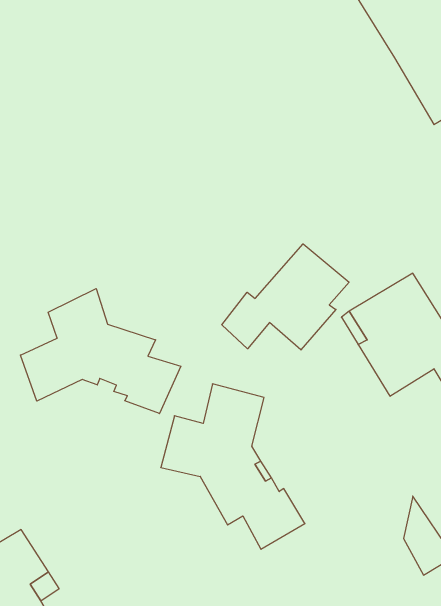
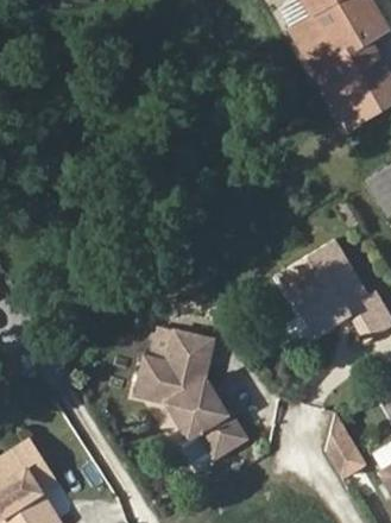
building: [222,244,349,350] -> none
building: [20,289,181,414] -> none

